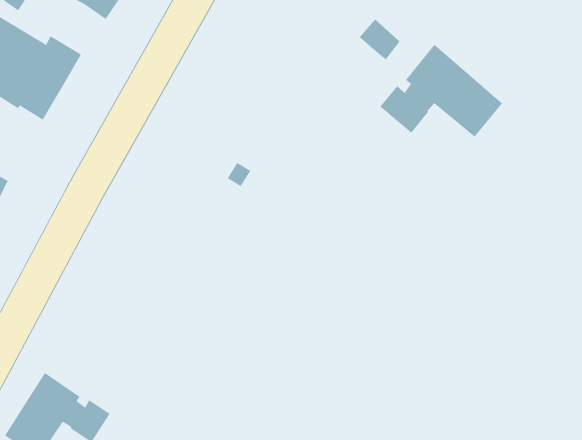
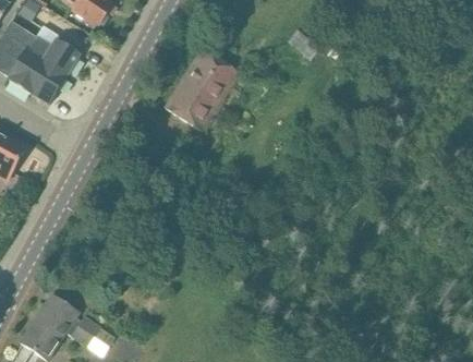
building: [380,44,503,137] -> none
building: none -> [165,48,237,129]

